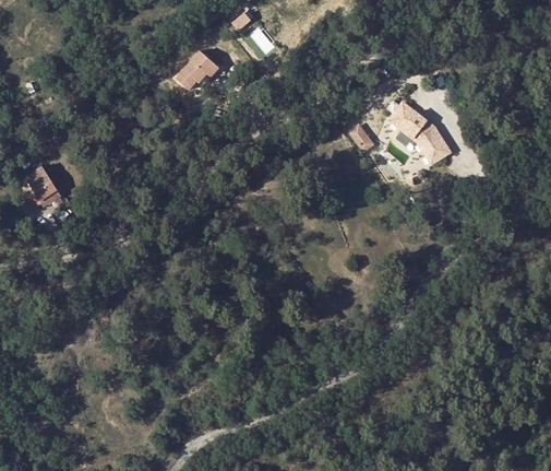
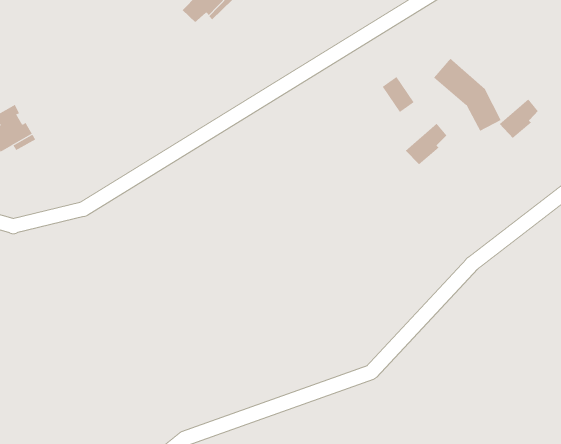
building: none -> [499,99,539,139]
building: none -> [405,123,447,165]

